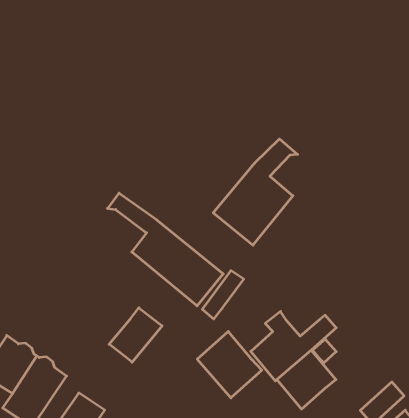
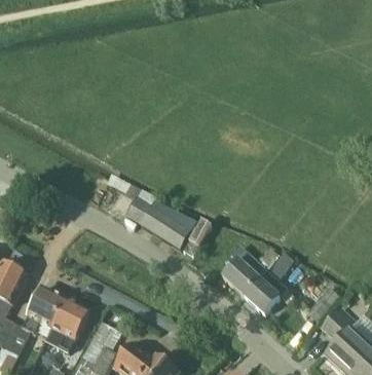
building: [213,139,298,245] -> none
building: [109,308,162,362] -> none
building: [197,331,262,398] -> none

